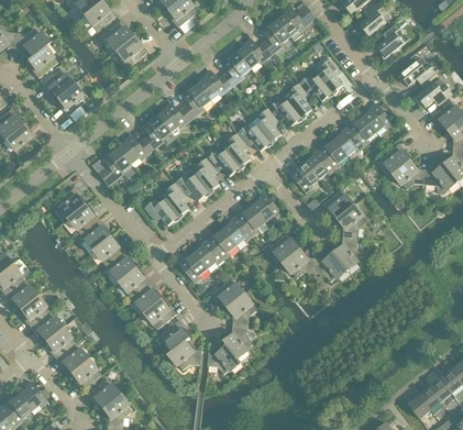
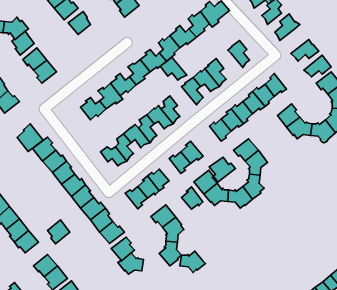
building: [114,37,146,67] -> none
building: [298,76,333,101] -> none
building: [236,120,272,151] -> [160,57,187,80]
building: [91,147,136,186] -> none
building: none -> [17,124,43,151]
building: none -> [209,157,236,182]
building: [222,216,251,245] -> [181,187,203,209]
building: [44,327,74,359] -> [47,220,70,244]
building: [206,345,240,374] -> [180,251,205,273]

